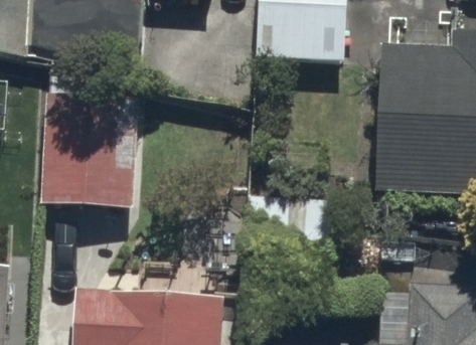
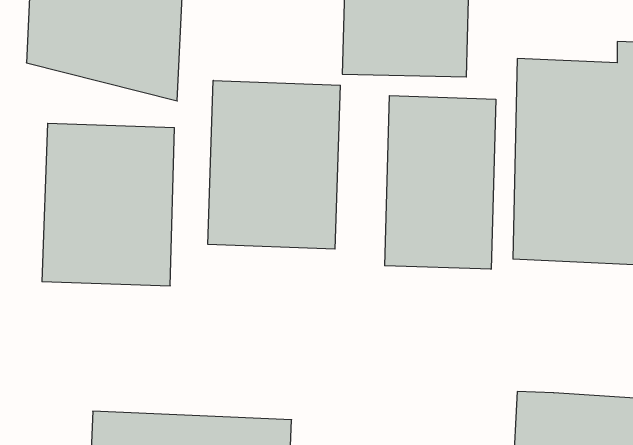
building: none -> [208,80,340,249]
building: none -> [385,96,496,269]

